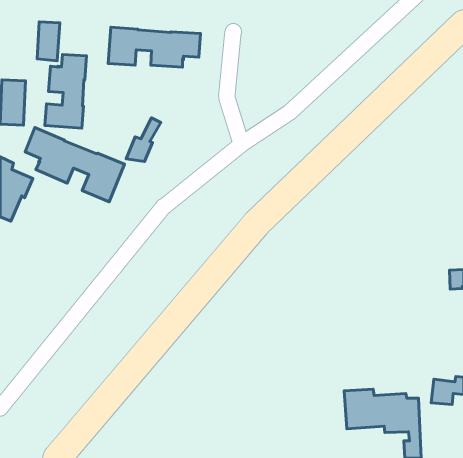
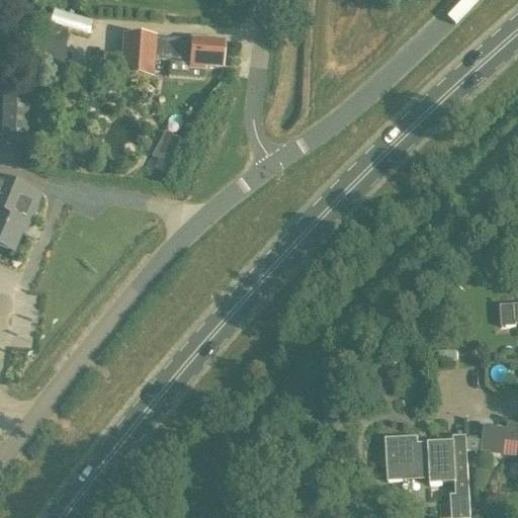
building: [45,54,87,128] -> none
building: [25,127,124,202] -> none

